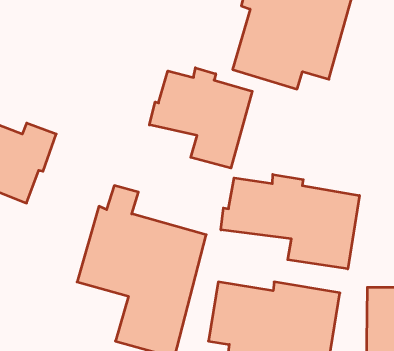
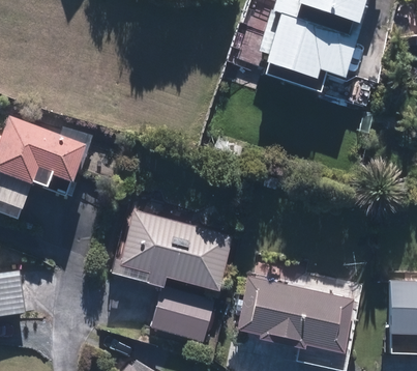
building: [149,68,252,168] -> none
building: [221,174,359,269] -> none

